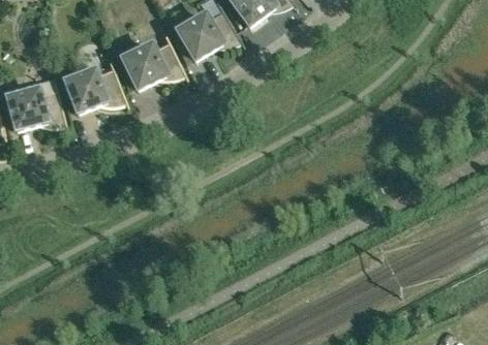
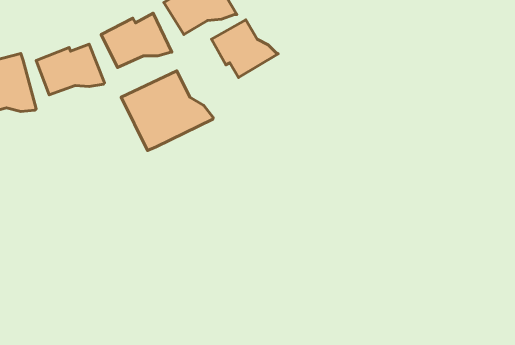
building: none -> [211,20,278,77]
building: none -> [121,71,213,150]

